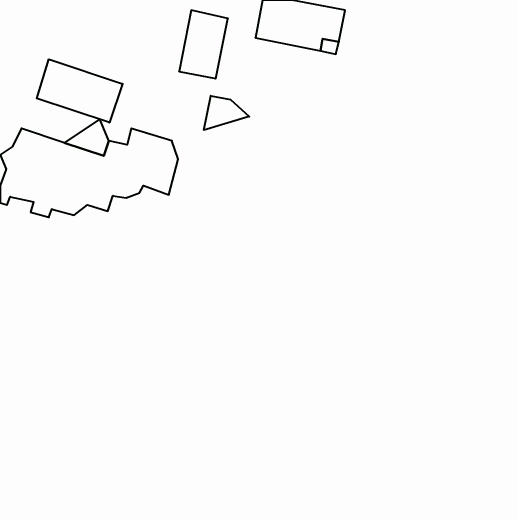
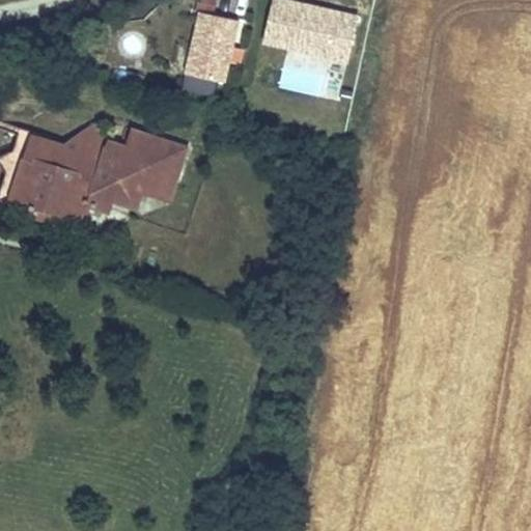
building: [37,59,123,123] -> none
building: [204,96,249,130] -> none

